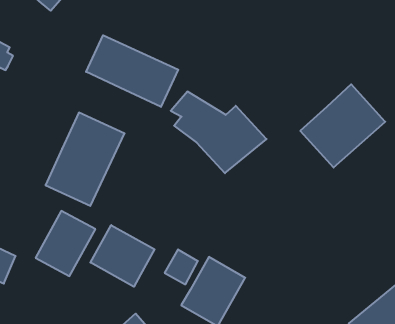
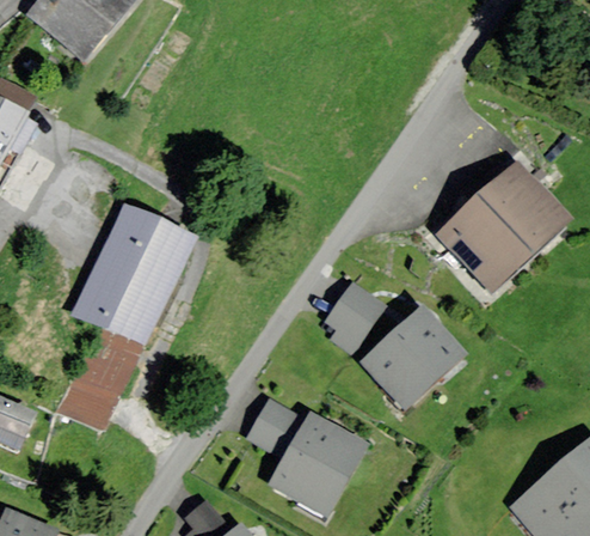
building: [86,35,178,107] -> none
building: [171,92,267,173] -> [327,288,465,406]
building: [90,225,155,287] -> none

